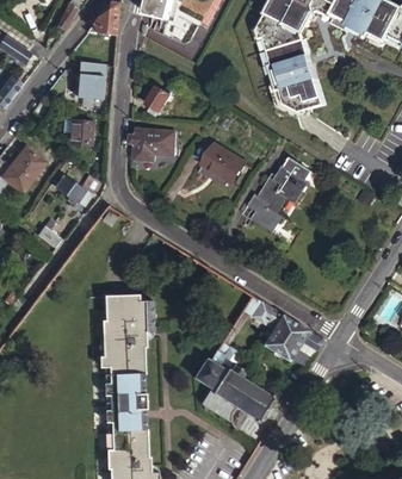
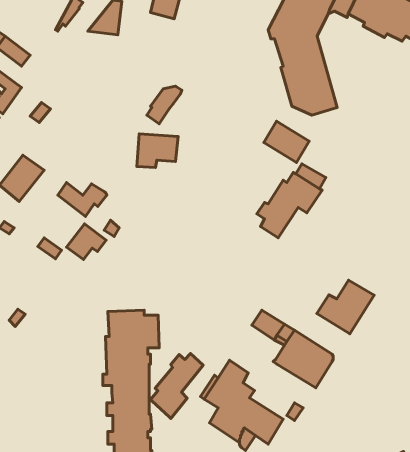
building: [76,62,105,100] -> none
building: [62,118,93,145] -> none
building: [198,143,241,182] -> [264,121,309,162]
building: none -> [66,224,106,259]
building: none -> [317,280,374,334]
building: none -> [150,354,203,419]

